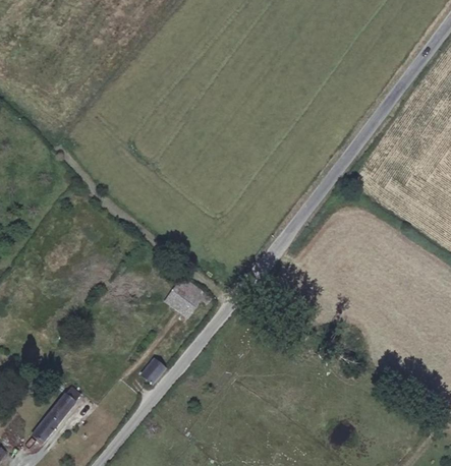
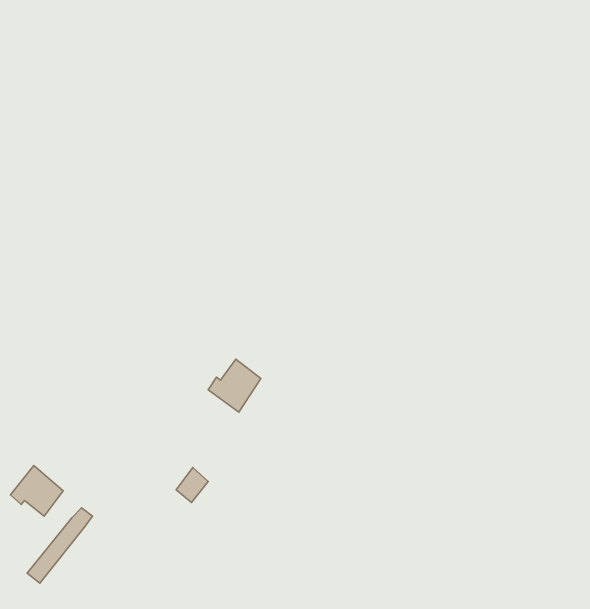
building: none -> [10,466,63,516]

